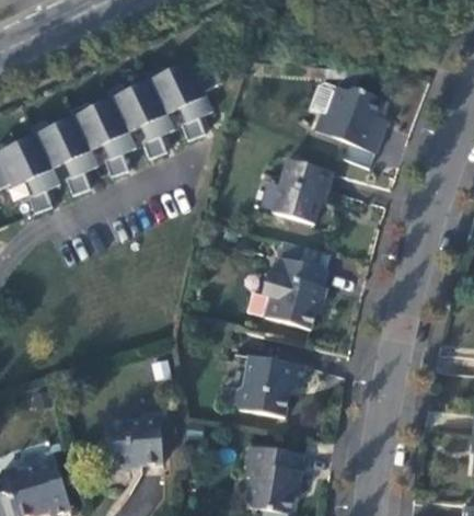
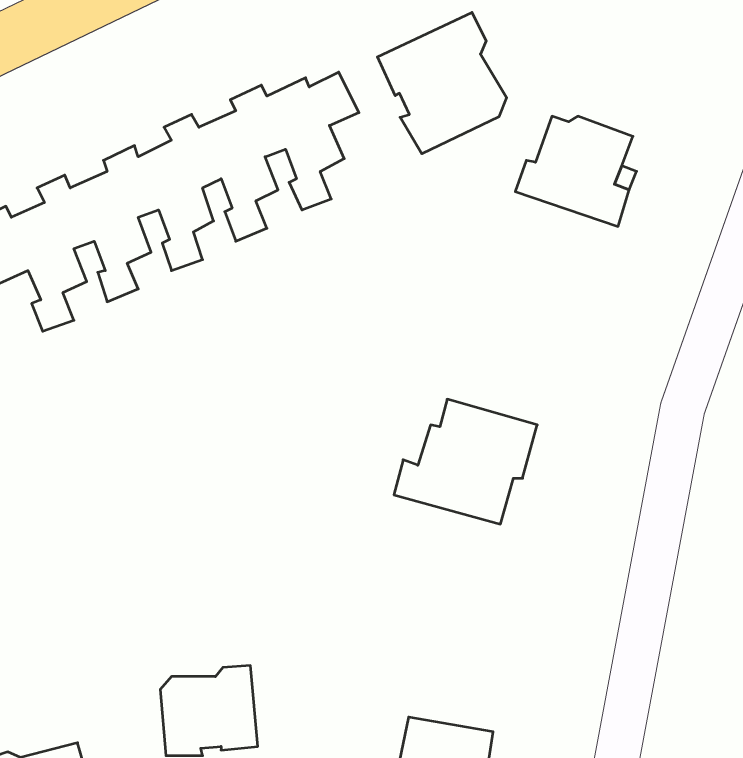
building: none -> [377,12,507,154]
building: [271,161,333,223] -> none
building: [234,355,304,417] -> none

